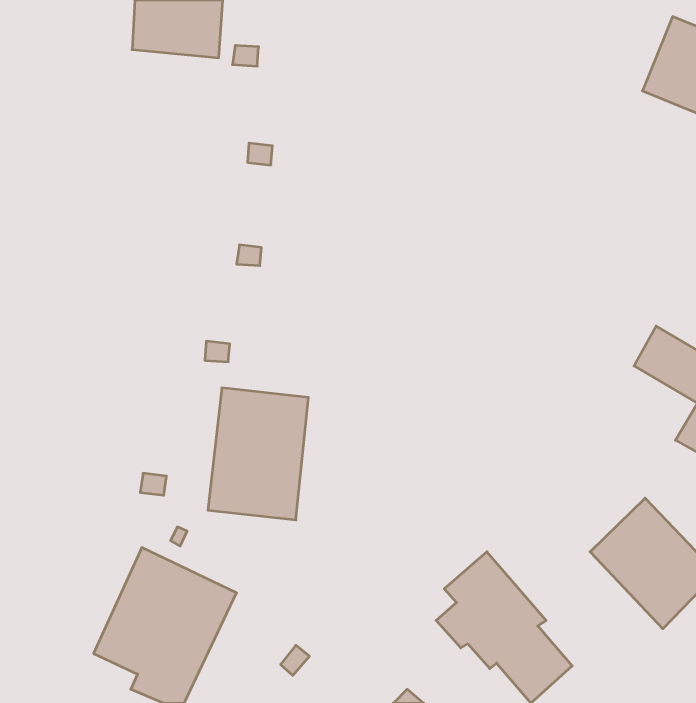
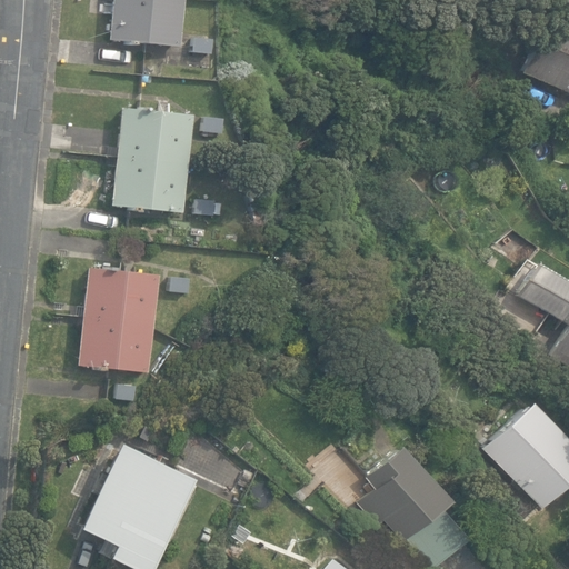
building: none -> [113,107,194,213]
building: [208,388,308,520] -> [79,266,160,372]

